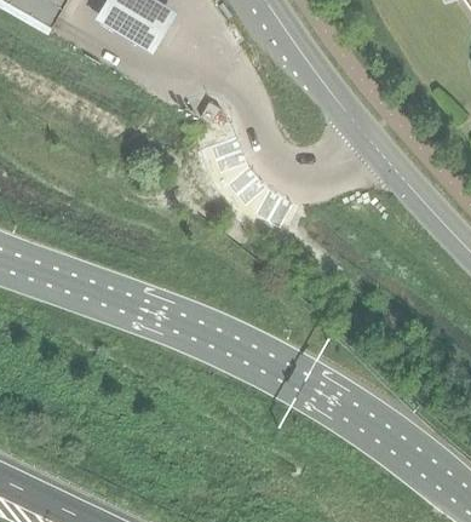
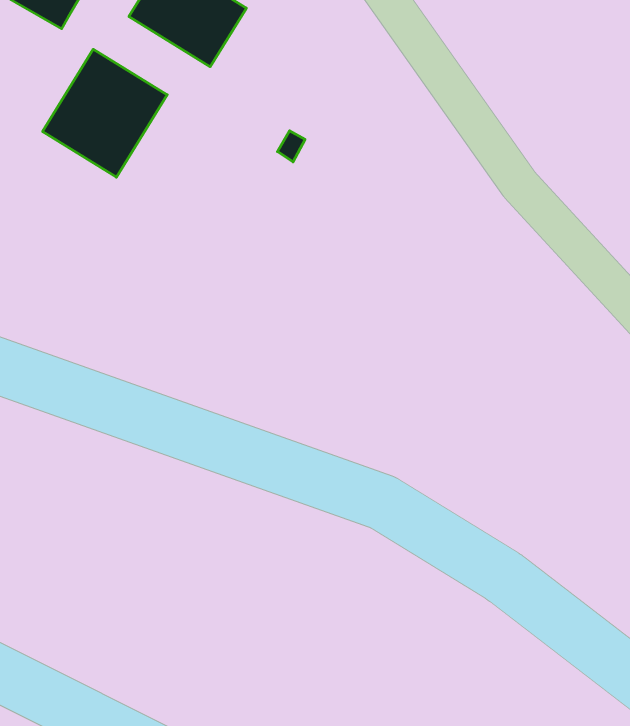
building: none -> [43,49,167,177]

